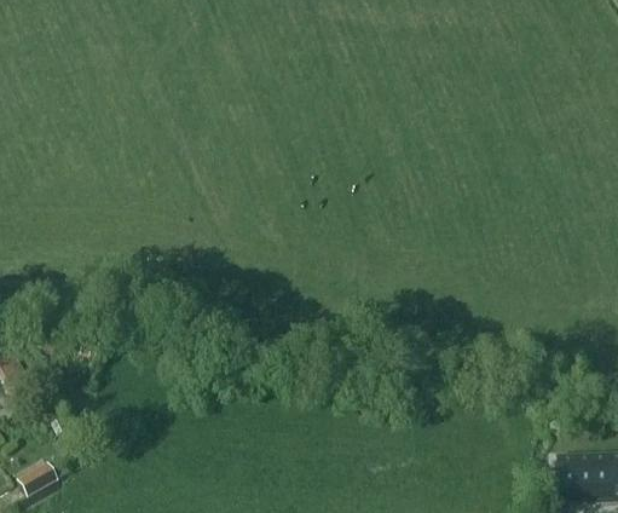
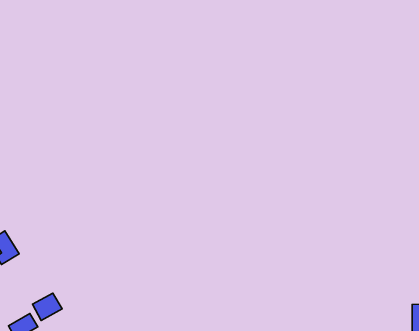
building: none -> [33,293,62,320]

